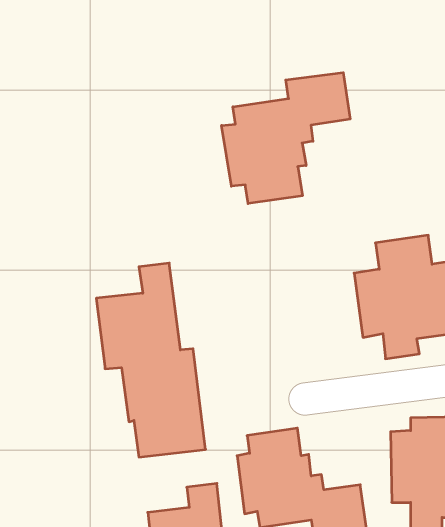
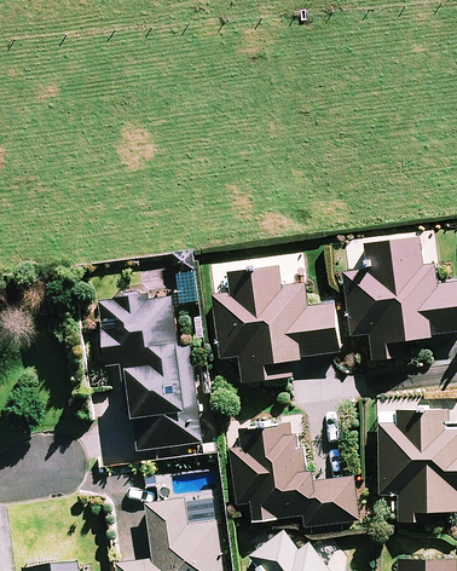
building: [222,73,350,204] -> none
building: none -> [213,261,340,380]

